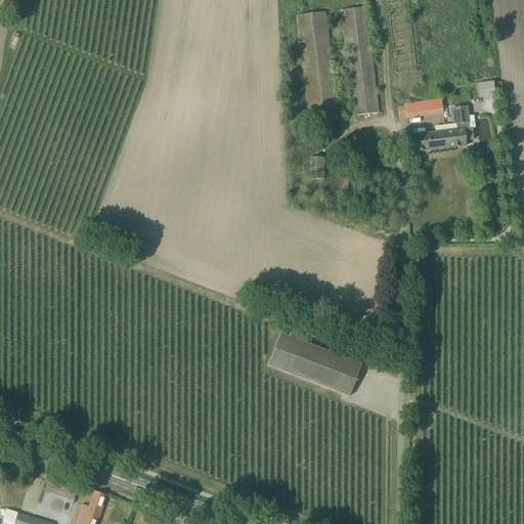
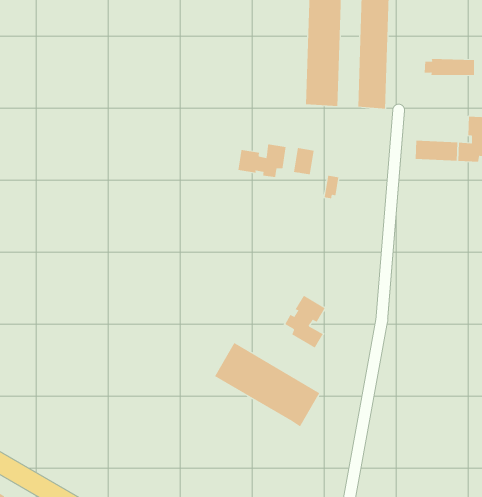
building: [398,97,443,117] -> [424,59,475,75]
building: none -> [238,144,286,178]
building: none -> [284,295,326,348]

